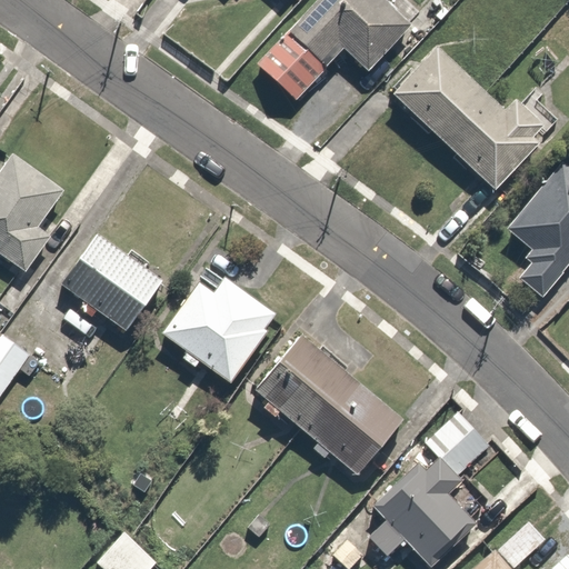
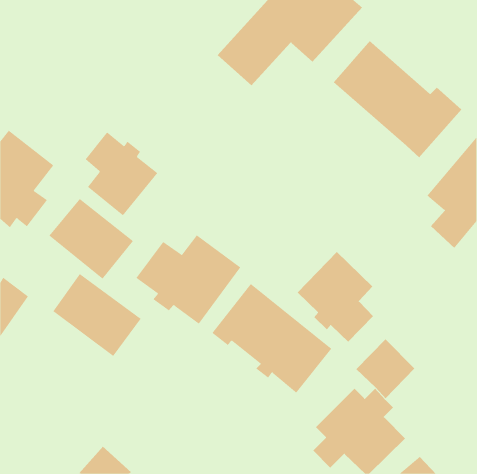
building: none -> [85,132,158,216]
building: none -> [297,251,374,343]
building: none -> [52,273,141,357]

